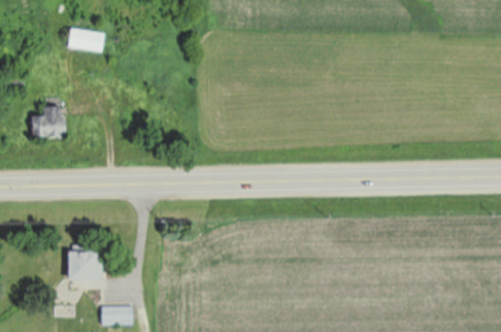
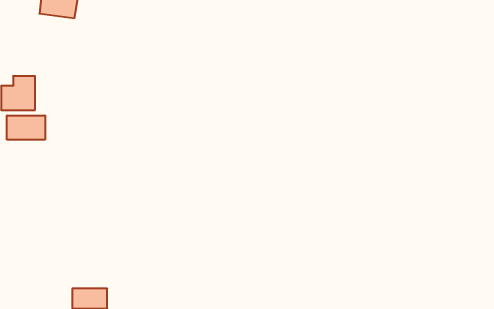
building: none -> [7,115,45,140]
building: [68,251,100,279] -> none

